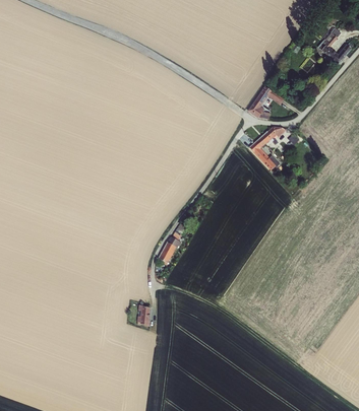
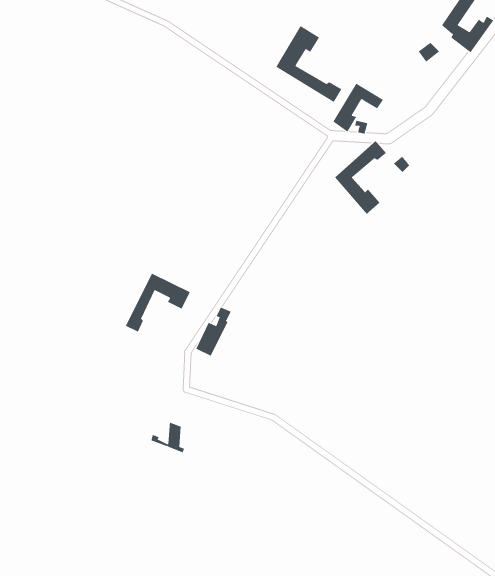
building: none -> [275,25,342,103]
building: none -> [125,273,191,333]

